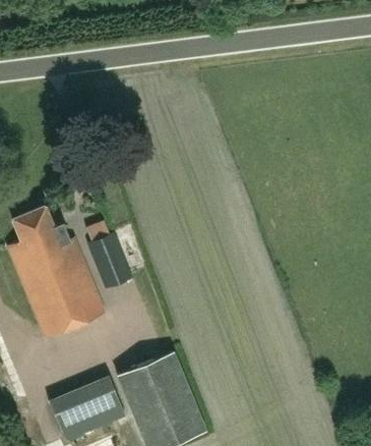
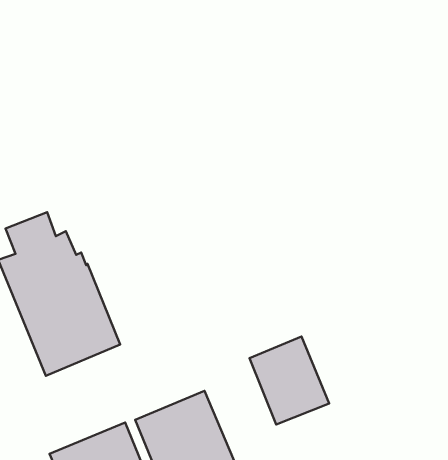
building: [87,232,132,287] -> none
building: none -> [249,336,329,424]

